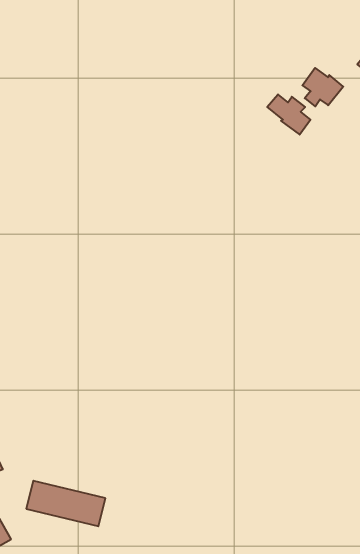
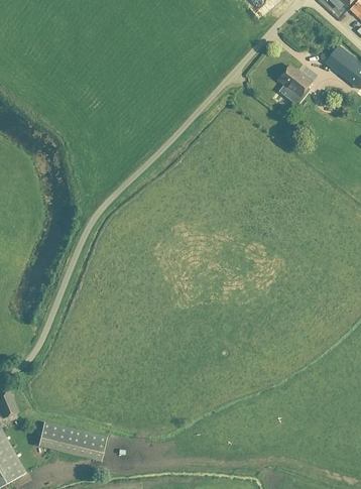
building: [267,94,310,135] -> none

